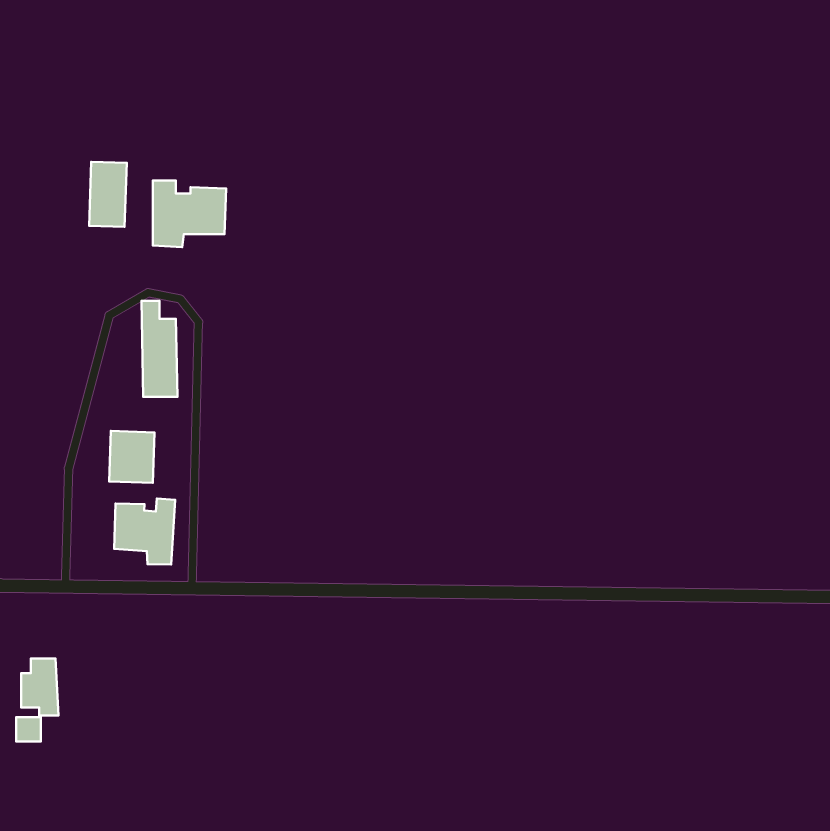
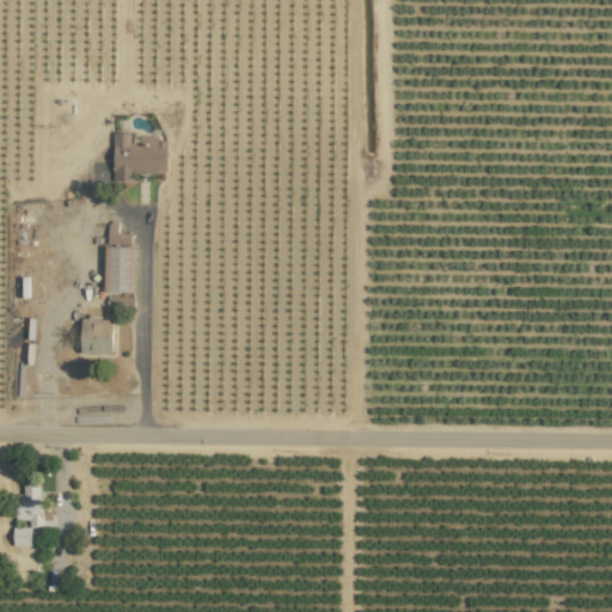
building: [89,162,127,227] -> none
building: [114,499,175,564] -> none

